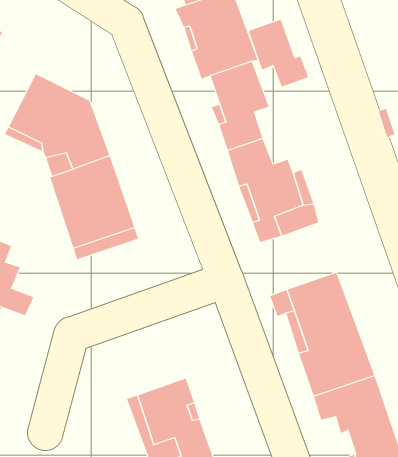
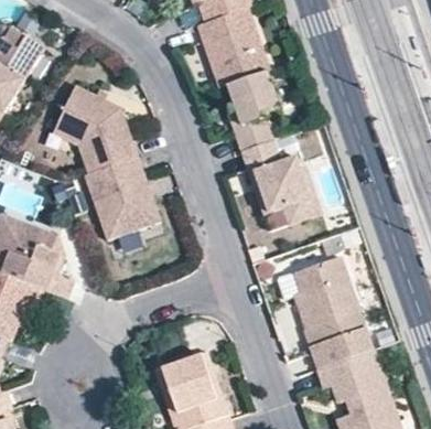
building: [248,19,309,88] -> none

